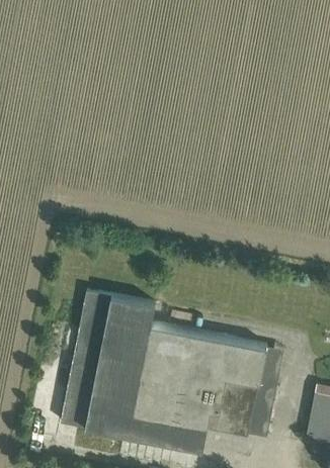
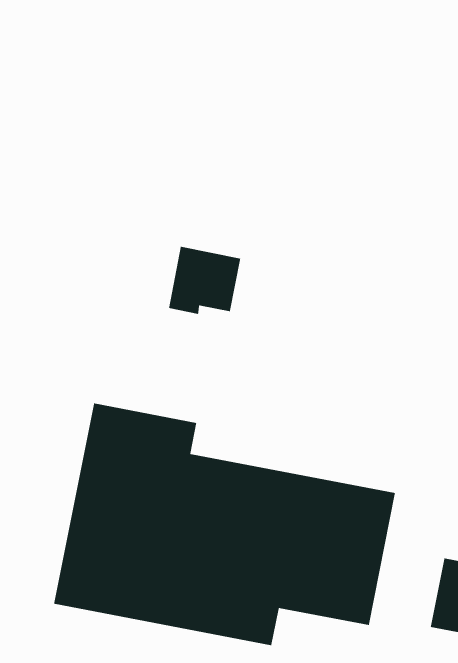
building: none -> [168,246,241,315]

